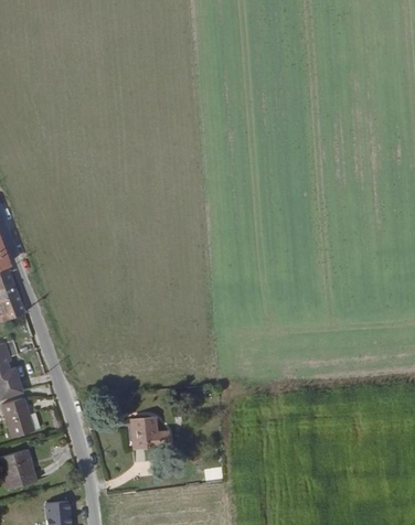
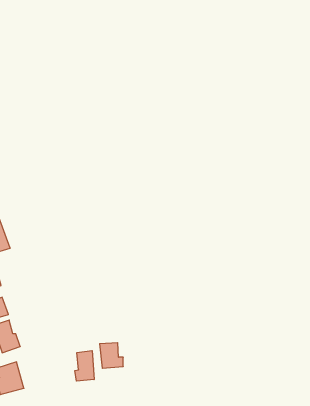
building: none -> [75,351,94,381]

